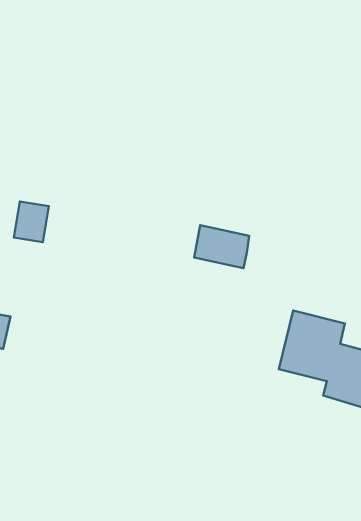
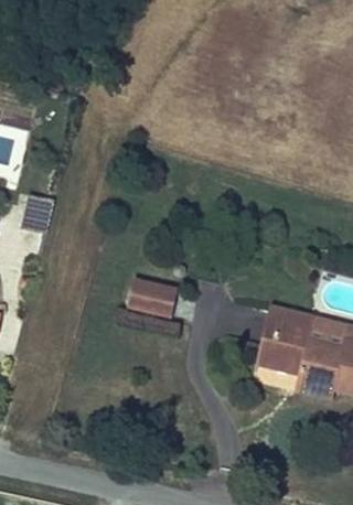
building: [194,225,249,268] -> [130,277,181,316]

